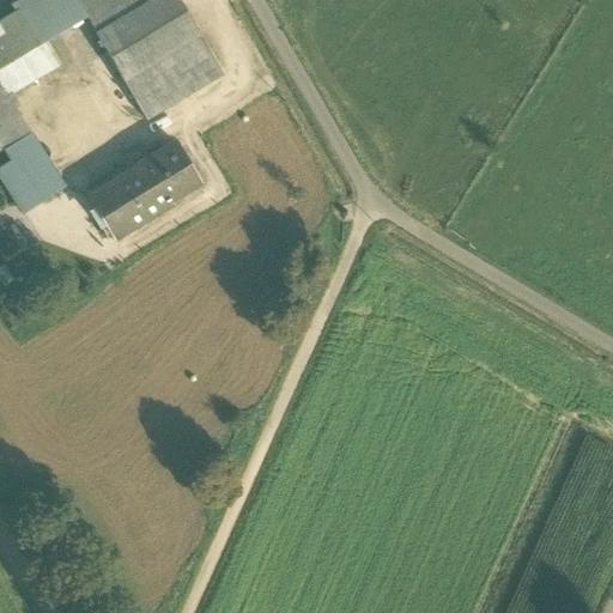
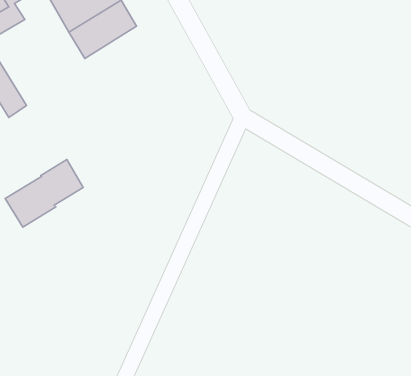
building: [90,141,200,237] -> [5,160,83,227]

